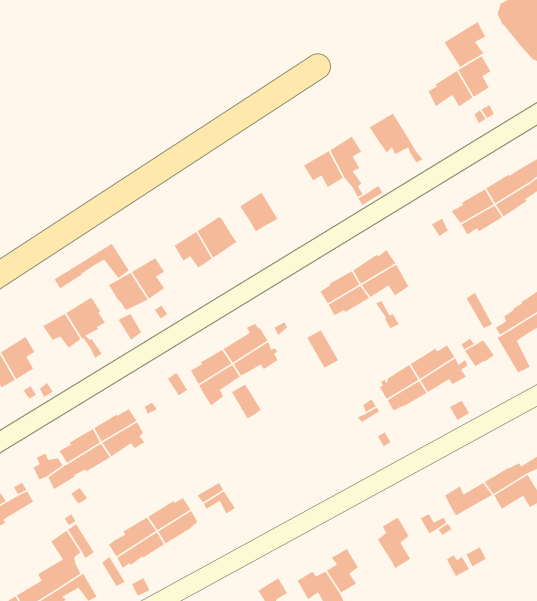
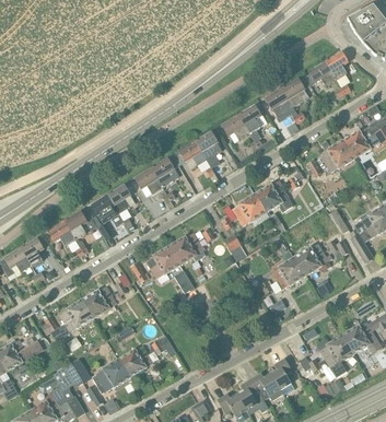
building: [443,21,486,68] -> [281,74,309,106]
building: none -> [194,131,221,167]
building: [53,243,130,290] -> none
building: none -> [323,343,353,376]
building: none -> [250,373,282,400]

